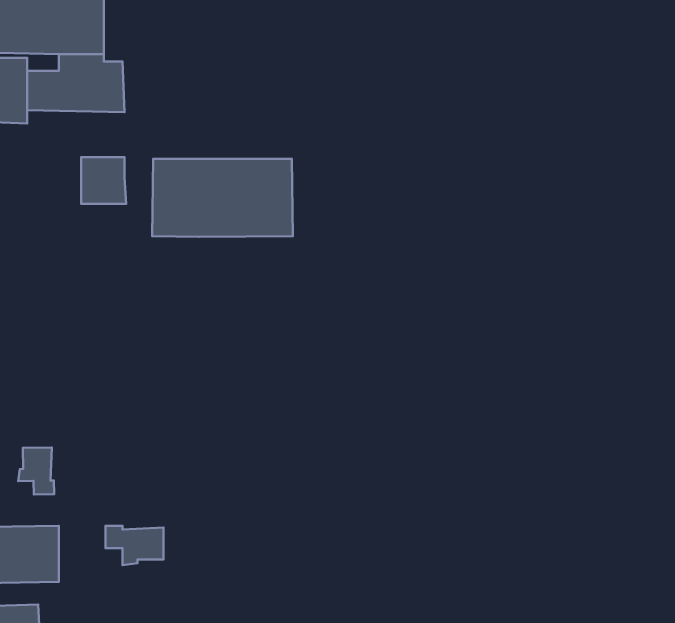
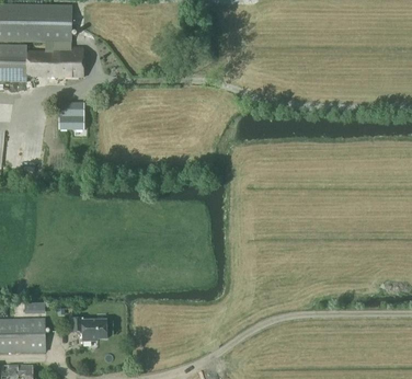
building: [152,159,293,237] -> none
building: [18,447,54,494] -> none

